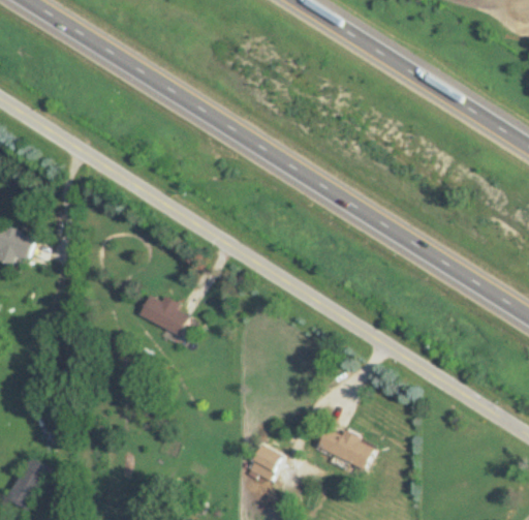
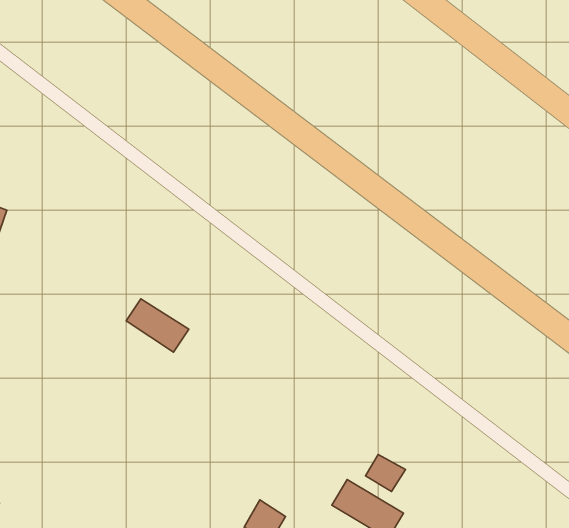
building: none -> [365,454,405,492]

